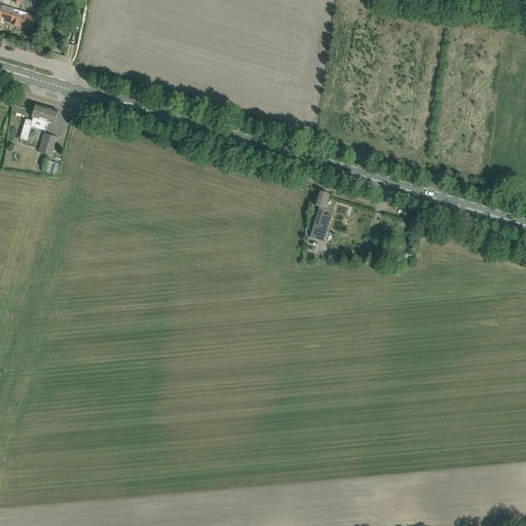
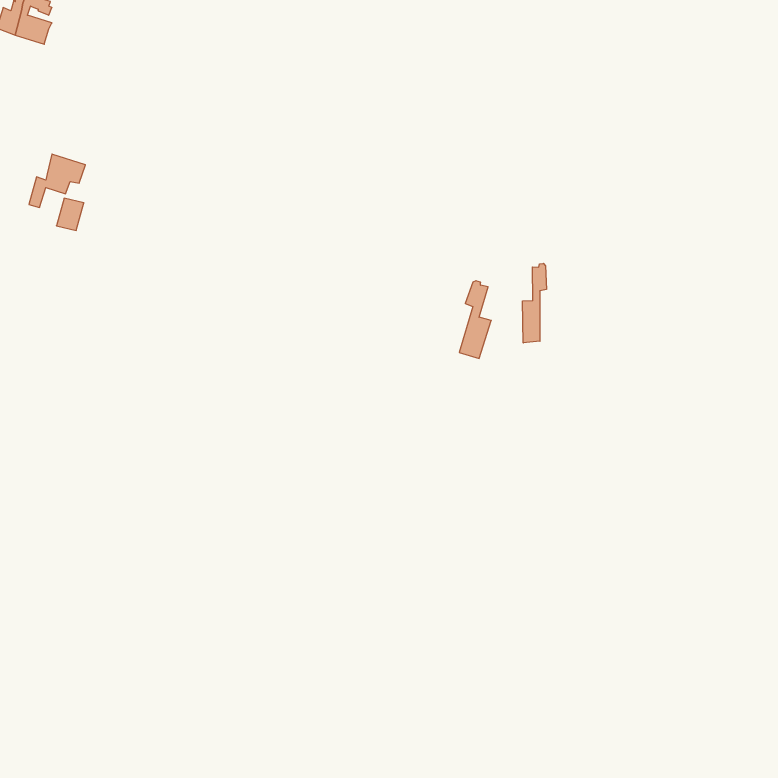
building: none -> [523,263,546,343]

